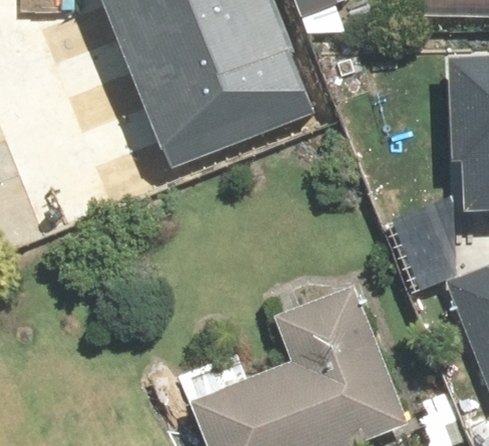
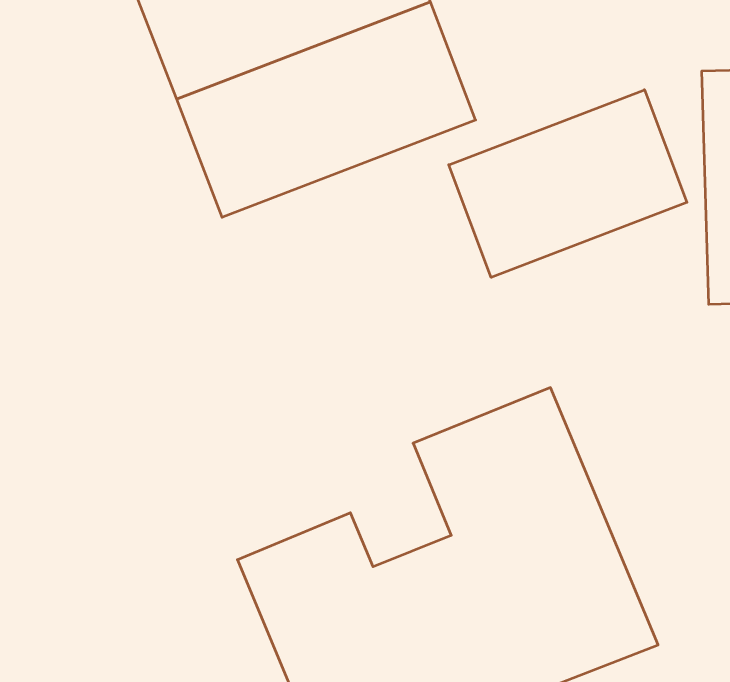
building: none -> [449,90,687,277]

